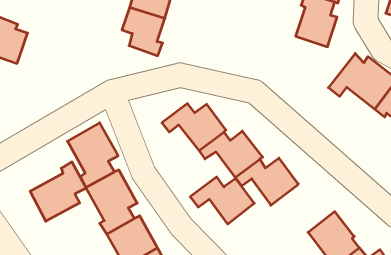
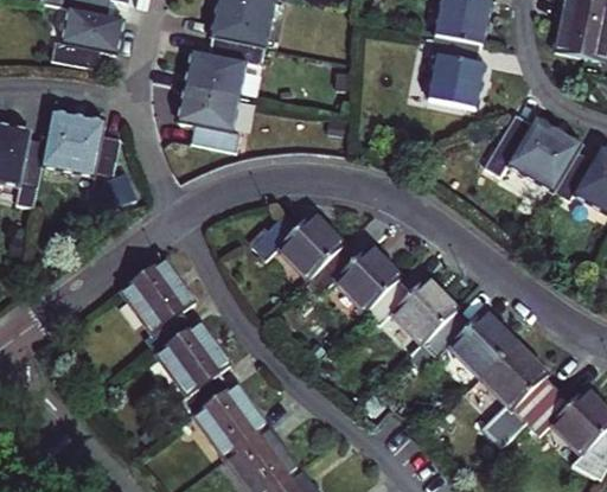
building: none -> [40,114,120,184]
building: [30,162,86,221] -> none
building: [190,177,254,224] -> [422,311,515,377]

